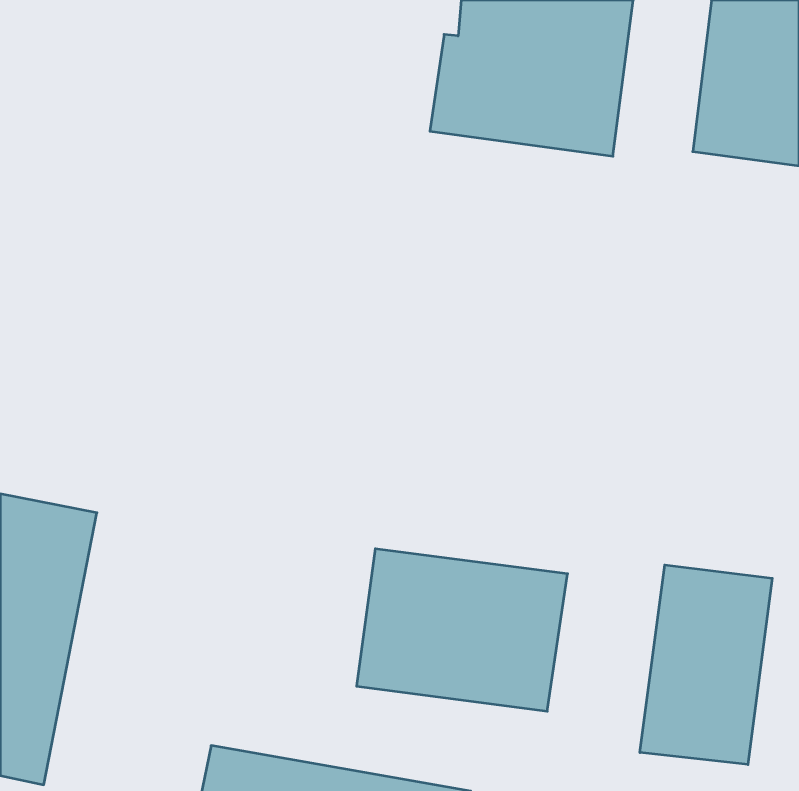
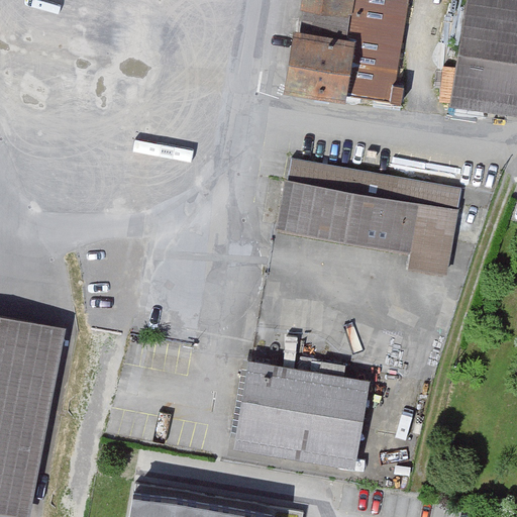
building: none -> [275,159,461,276]
building: [640,565,772,765] -> none

